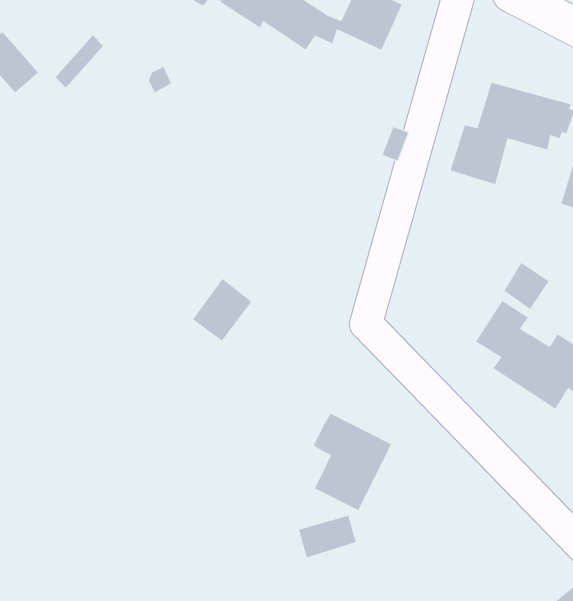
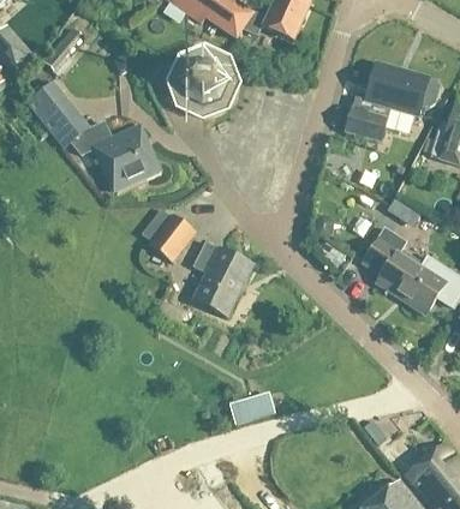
building: none -> [180,58,228,106]
building: none -> [28,83,160,190]
building: [313,413,392,511] -> [192,241,252,316]

